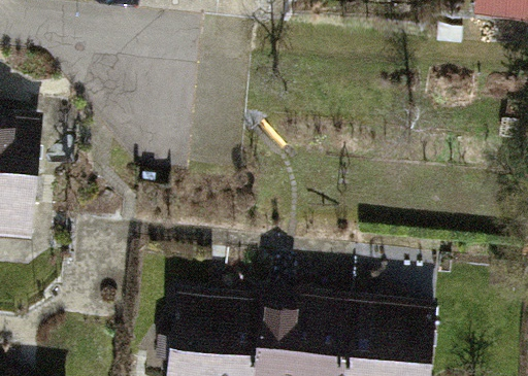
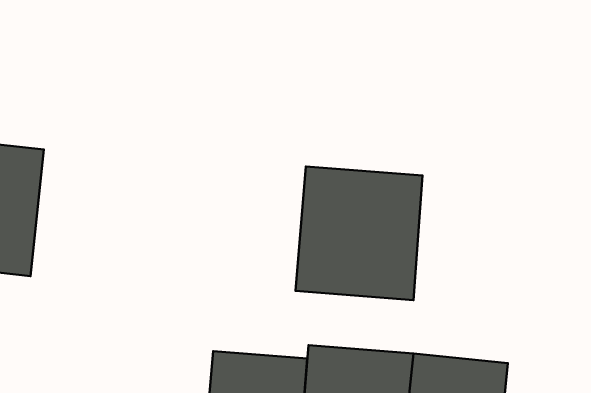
building: none -> [295,166,423,300]

